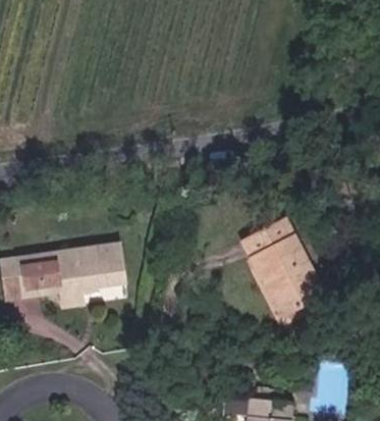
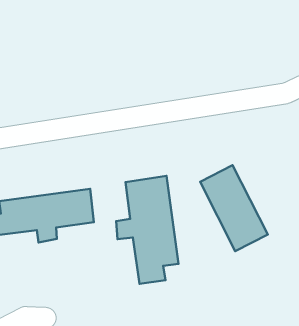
building: none -> [116,176,178,284]

